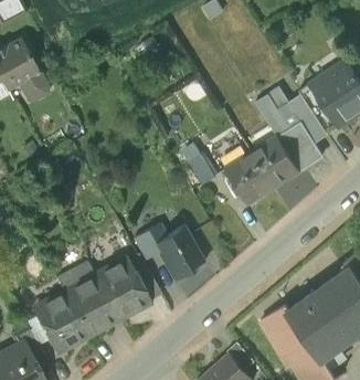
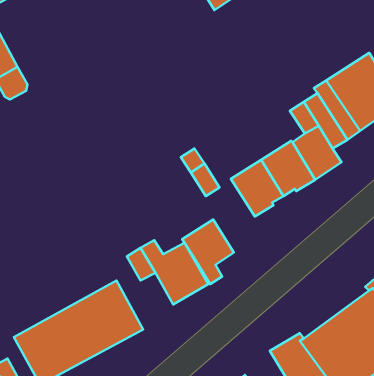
building: [255,87,290,137] -> none
building: none -> [182,220,234,284]

